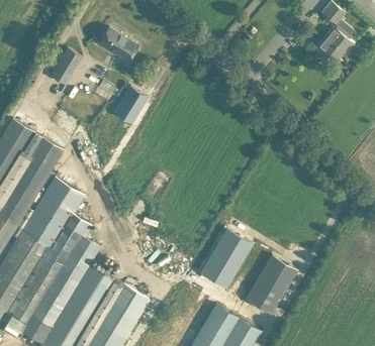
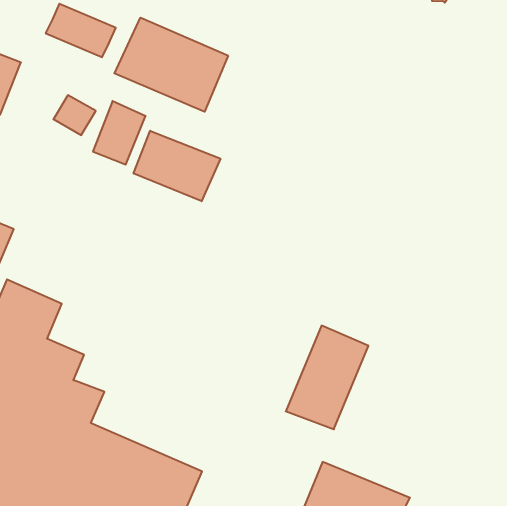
building: none -> [114,18,228,112]
building: none -> [134,131,220,201]
building: [246,256,296,314] -> none

